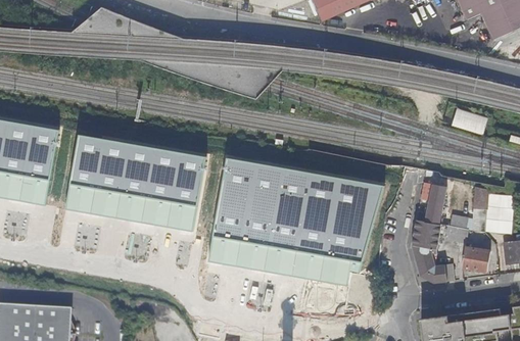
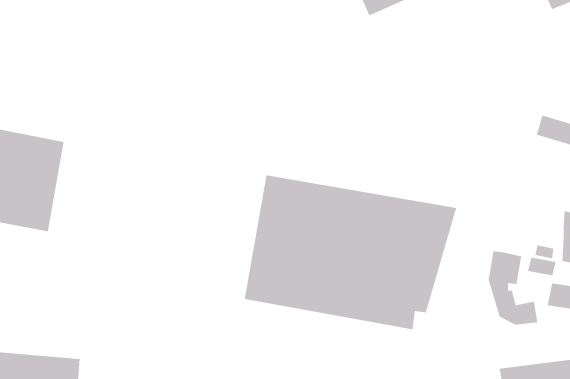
building: [64,135,206,231] -> none
building: [424,184,444,225] -> none

